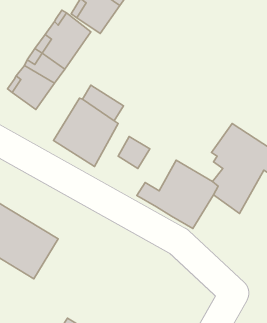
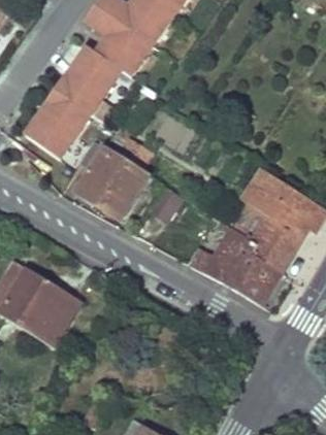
building: none -> [231,254,283,308]

